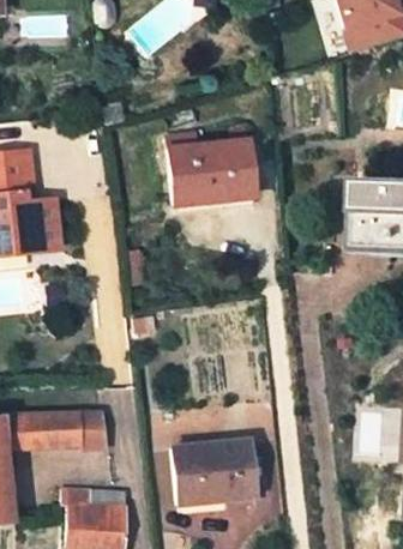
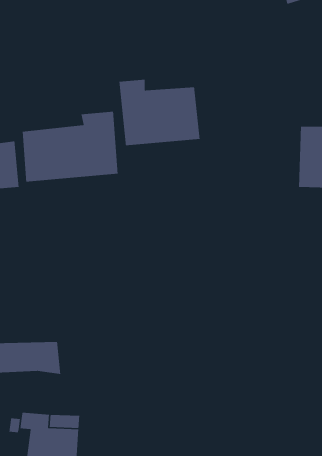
building: none -> [22,111,118,182]
building: [173,440,253,503] -> none

